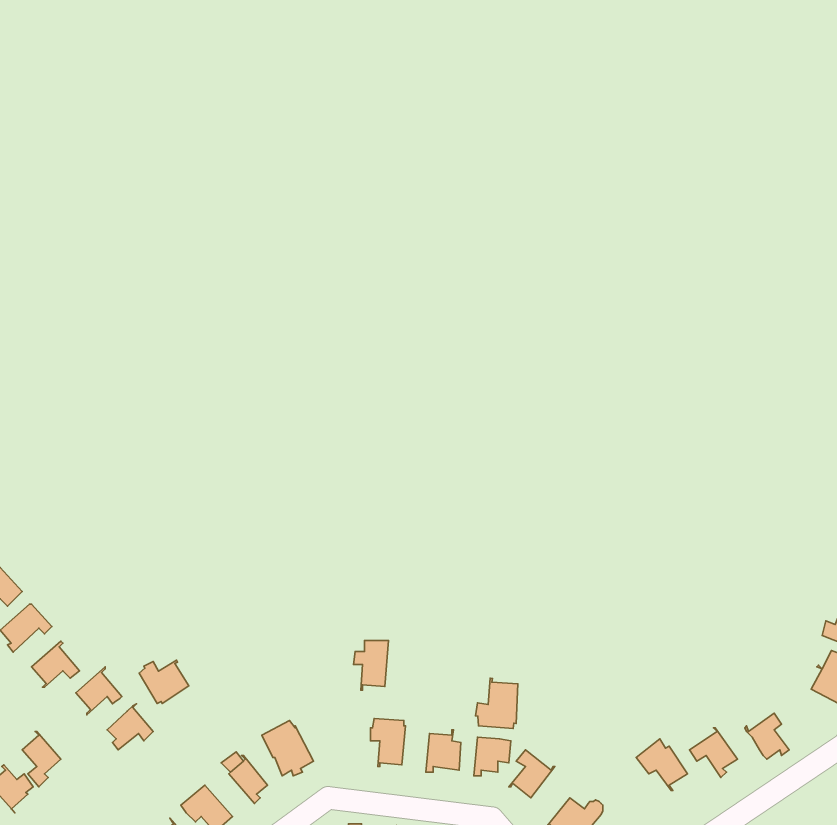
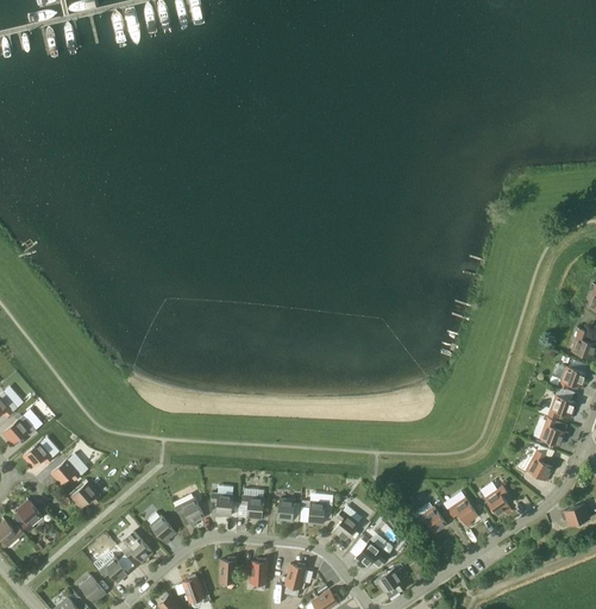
building: [353,640,388,690] -> [211,485,233,517]
building: [139,660,189,704] -> none
building: [476,678,518,729] -> none

